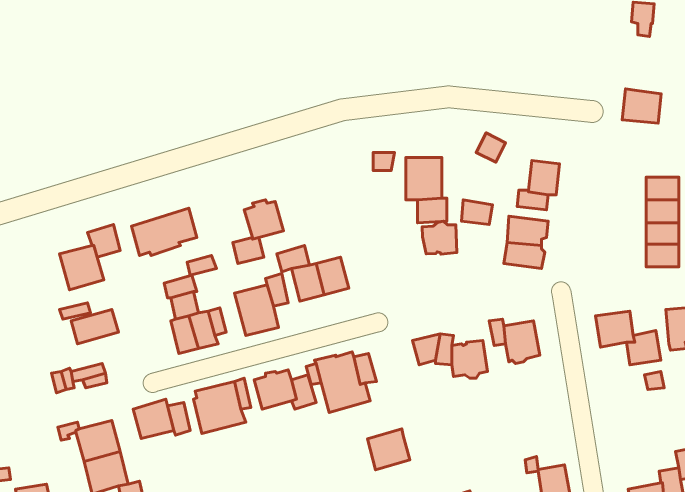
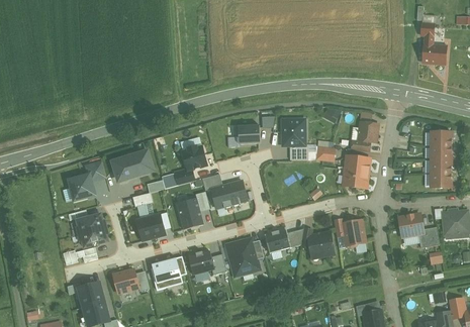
building: [622,89,661,123] -> [422,43,447,65]
building: none -> [232,124,259,143]
building: [422,221,457,254] -> none
building: none -> [78,227,106,247]
building: [367,429,410,470] -> [263,228,289,253]

